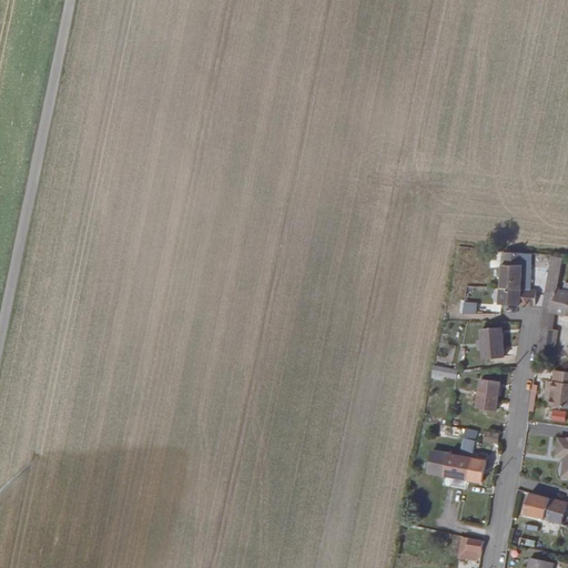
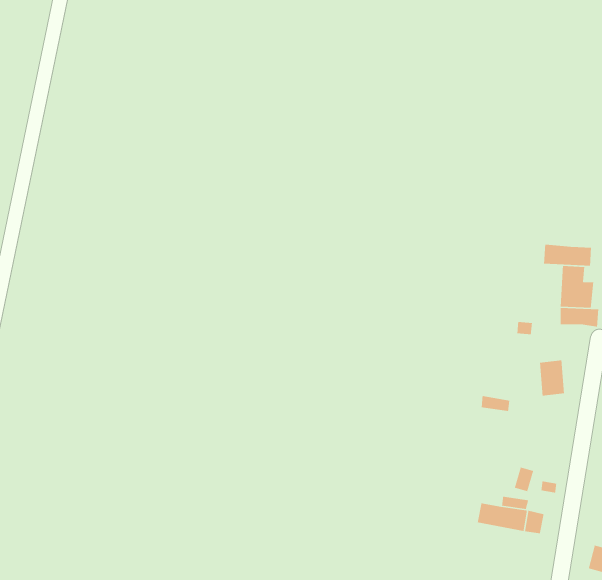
building: none -> [543,244,592,266]
building: [475,386,499,418] -> none

